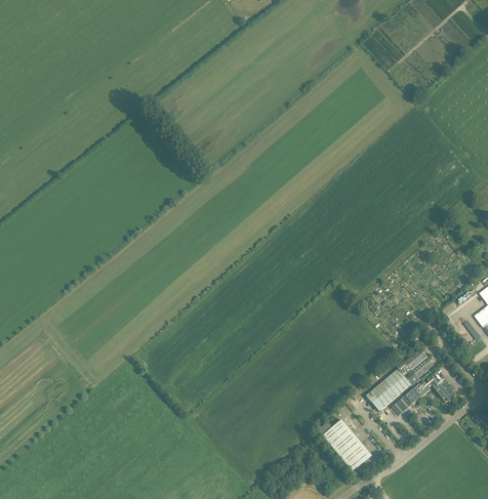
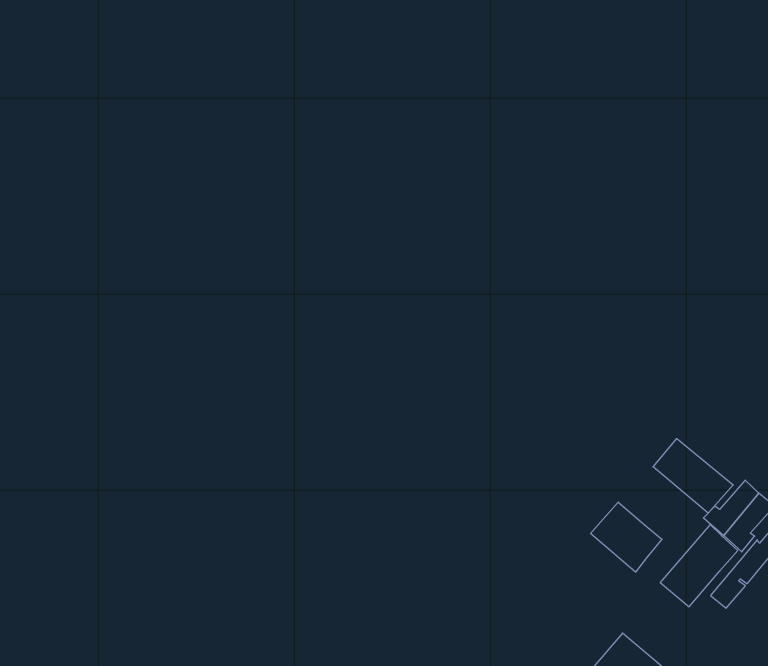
building: none -> [653,439,733,513]
building: none -> [591,502,662,572]

